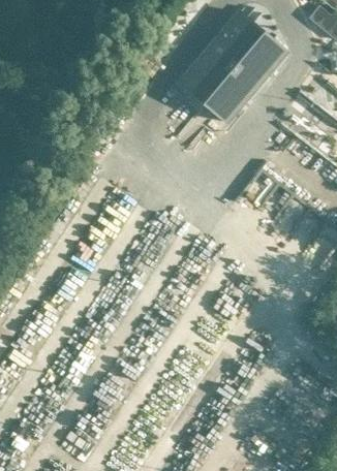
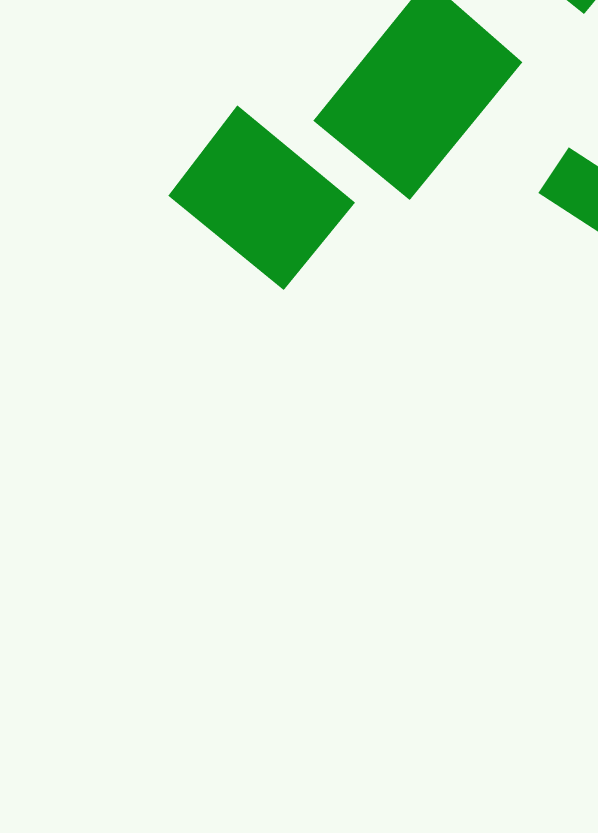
building: none -> [167,104,356,291]

